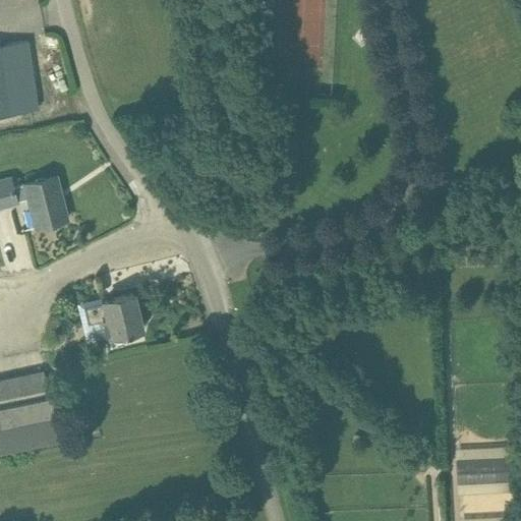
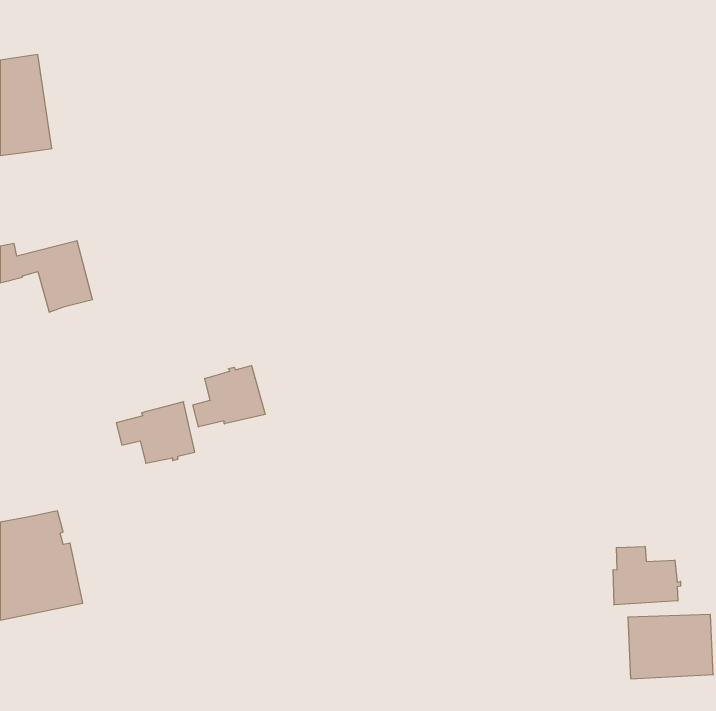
building: none -> [193,366,265,427]
building: none -> [613,546,681,605]

